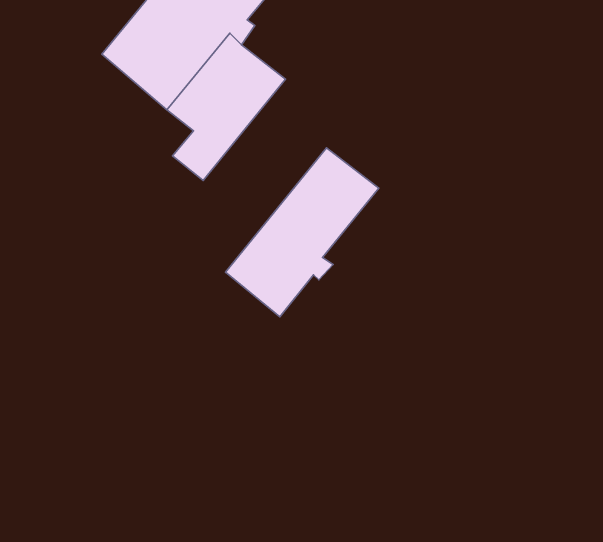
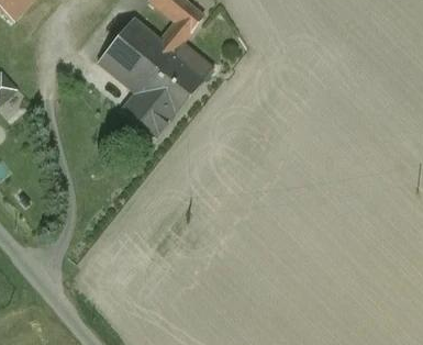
building: [226,148,379,317] -> none

